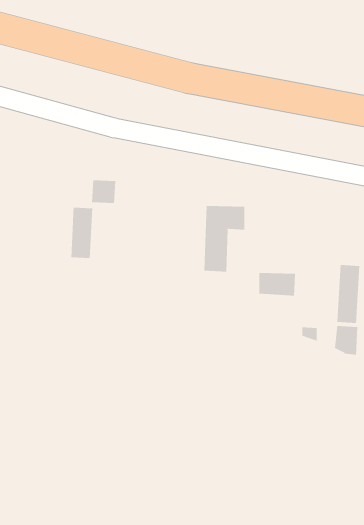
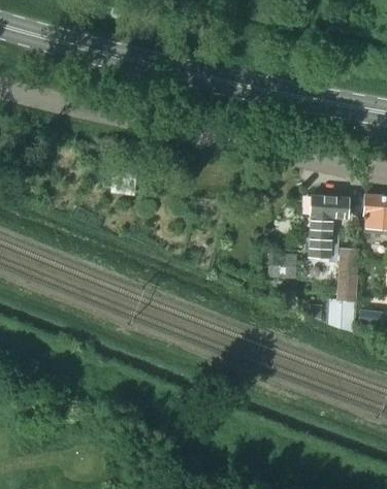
building: [203,205,245,272] -> [309,195,347,256]
building: [71,207,93,259] -> none

